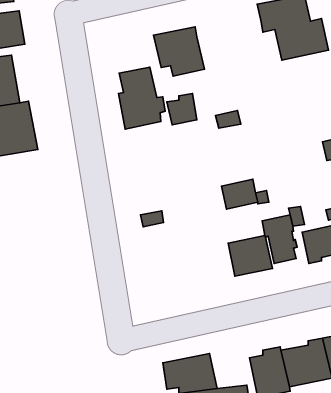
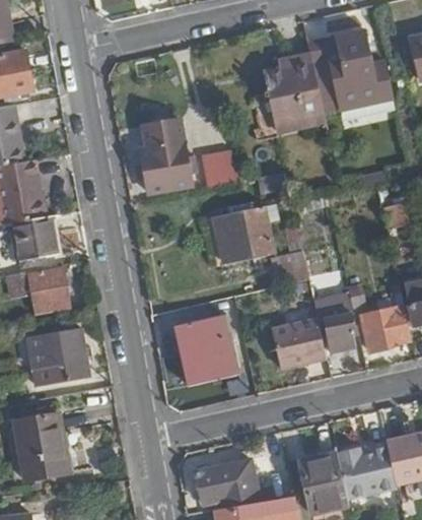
building: [153,27,204,76] -> [263,64,324,123]
building: none -> [216,205,274,263]
building: none -> [15,215,56,258]
building: none -> [9,265,67,311]
building: none -> [183,319,233,386]
building: none -> [25,328,86,379]
building: none -> [13,413,67,479]

